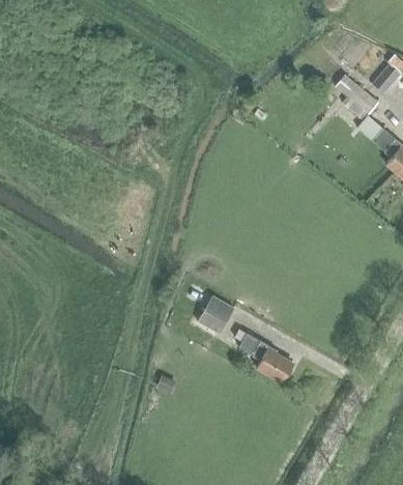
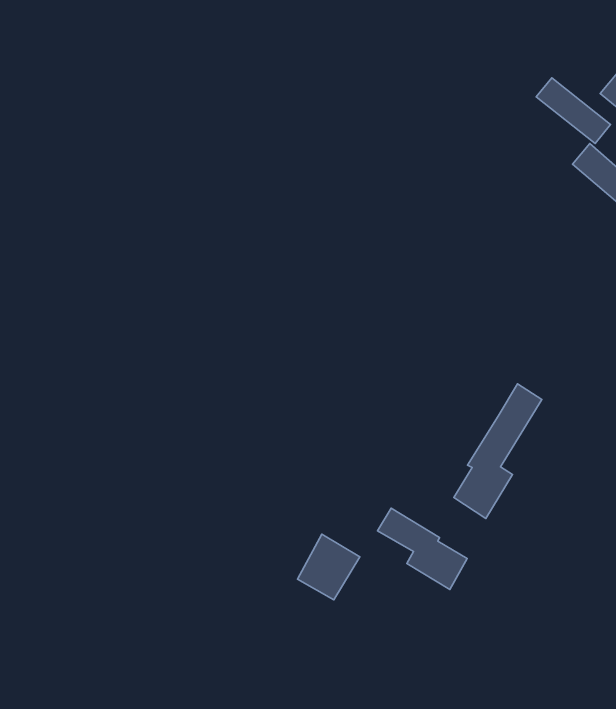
building: none -> [454,384,542,518]
building: [199,297,236,337] -> [298,534,360,600]

